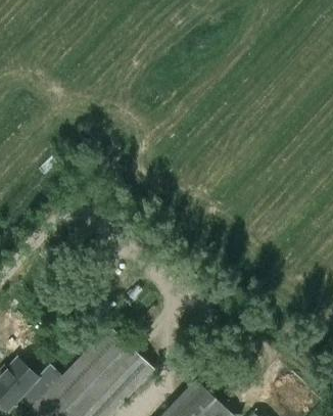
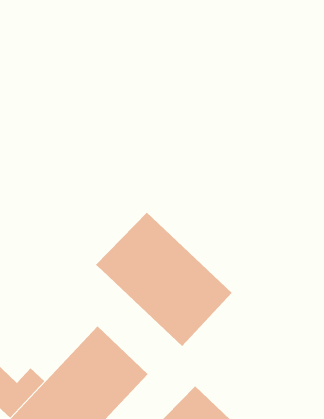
building: none -> [95,212,233,347]

